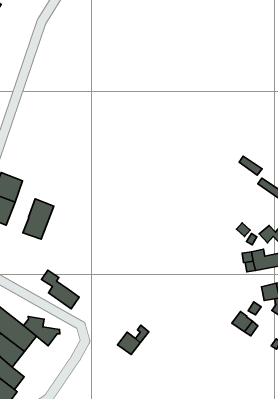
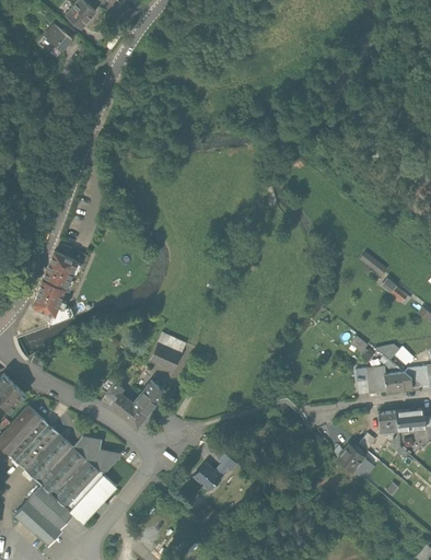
building: [23,199,54,239] -> none
building: none -> [150,343,180,370]
building: none -> [133,382,164,415]
building: none -> [57,460,118,523]

